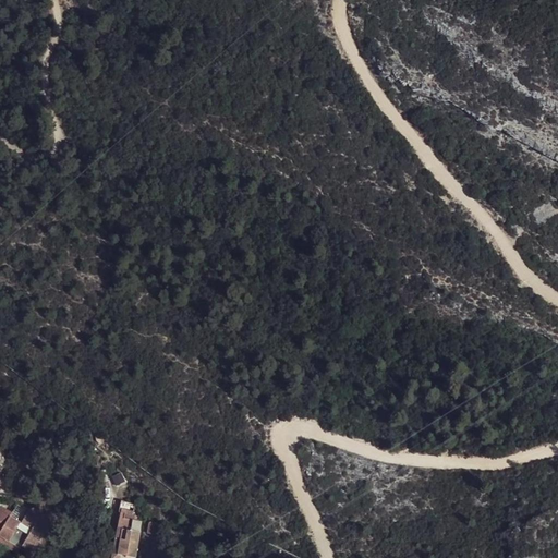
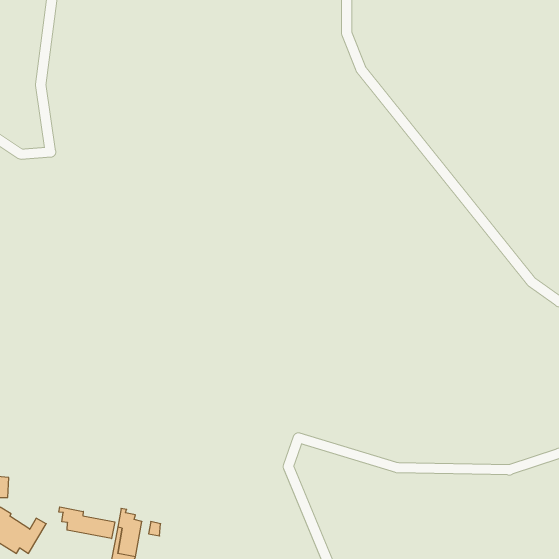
building: none -> [59,507,115,539]

